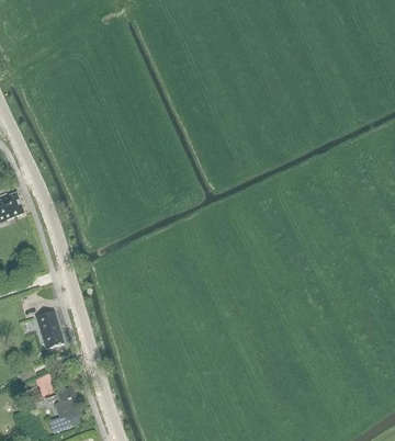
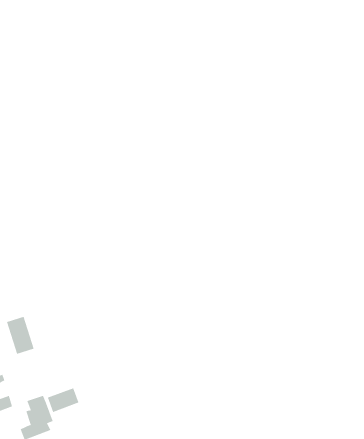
building: none -> [47,387,79,413]

